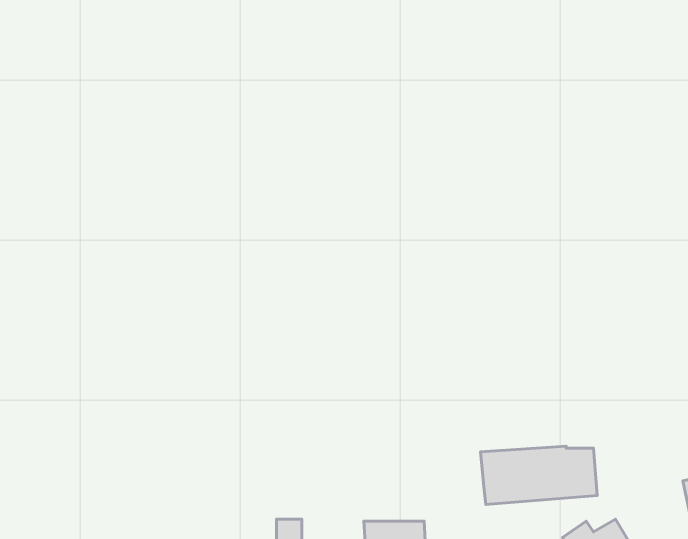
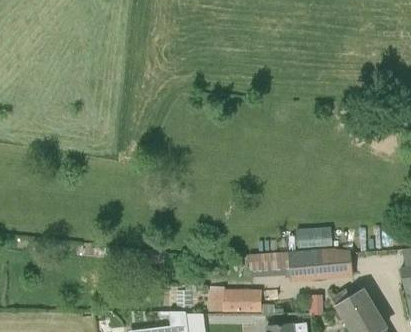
building: none -> [295,229,332,248]
building: none -> [251,249,289,268]

